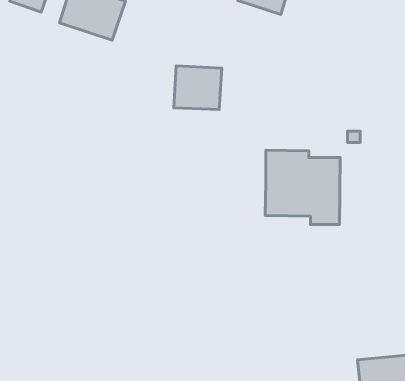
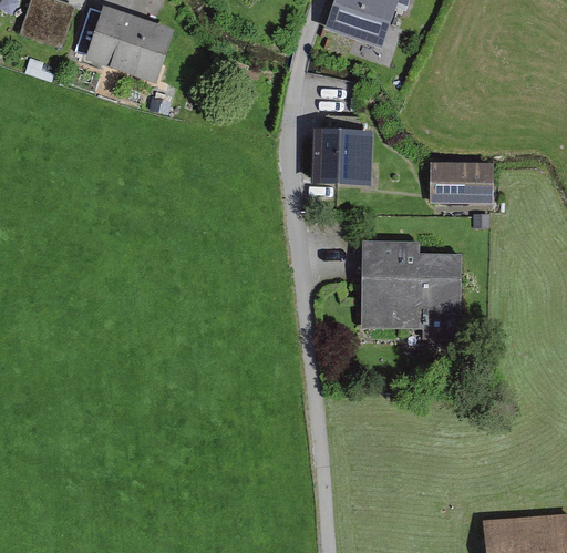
building: [174,66,222,109] -> [308,123,372,182]
building: none -> [427,158,492,202]

